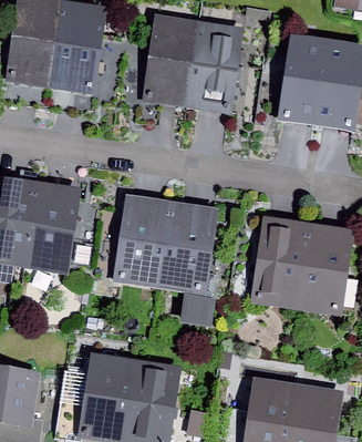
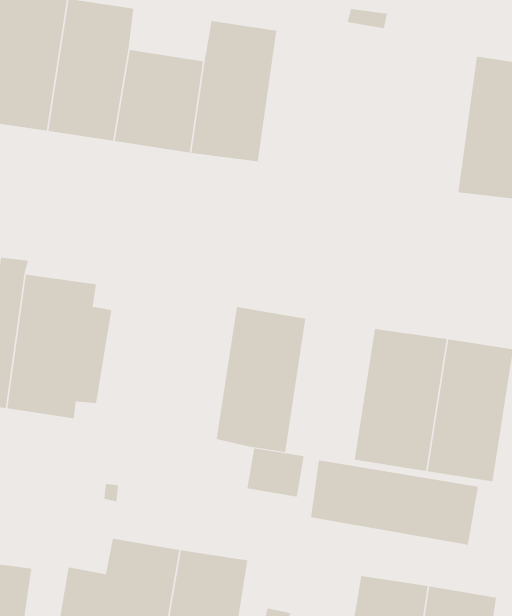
building: [187,21,242,113] -> none
building: [277,32,329,126] -> none
building: [112,193,173,287] -> none
building: none -> [311,460,478,545]

